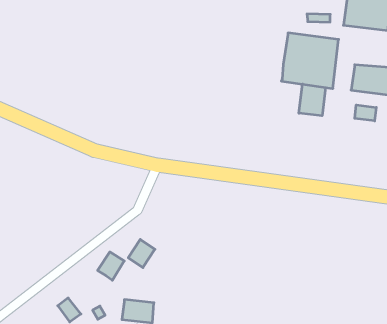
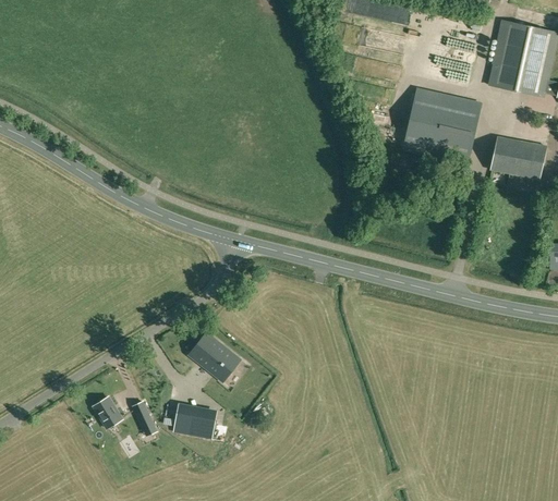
building: [299,84,326,116] -> none
building: [355,105,376,121] -> none
building: [98,252,124,280] -> [205,345,240,381]

